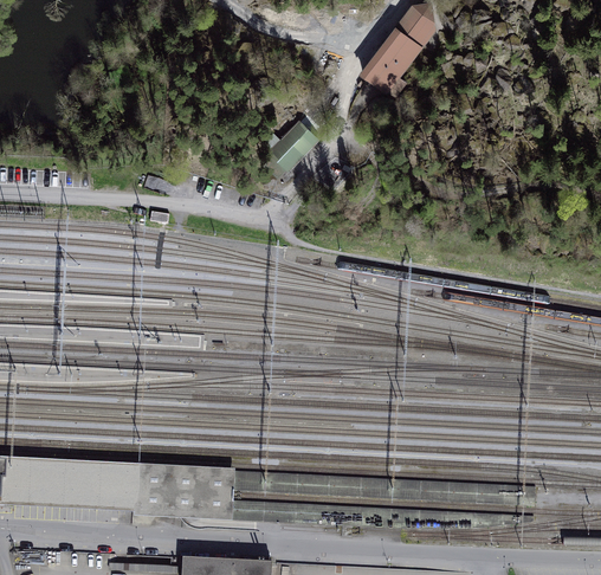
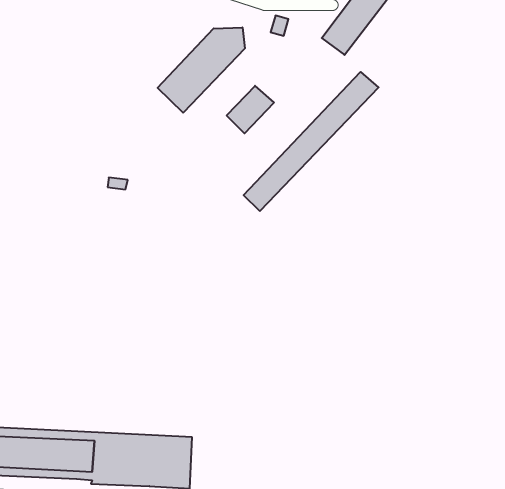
building: none -> [158,27,245,113]
building: none -> [244,72,379,211]

